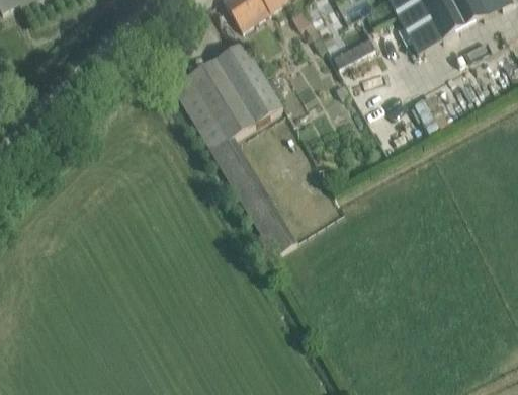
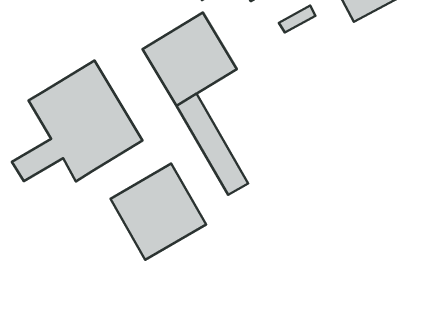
building: none -> [12,60,142,181]
building: none -> [110,164,206,260]

